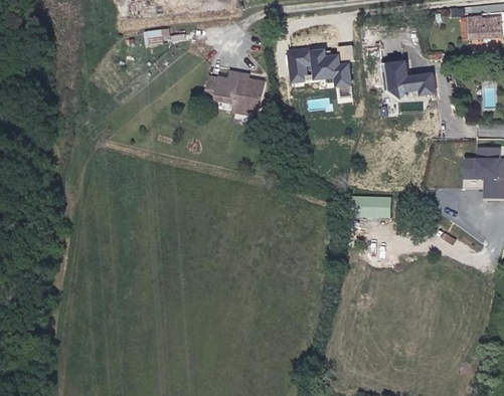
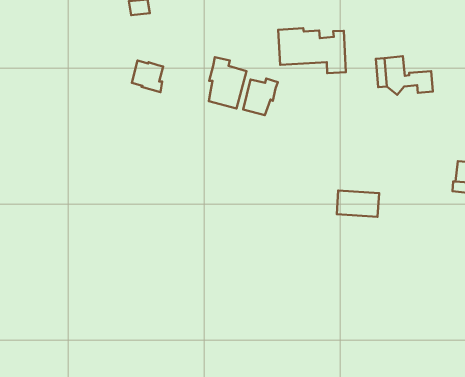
building: [203,80,231,109] -> [132,61,163,92]
building: none -> [243,78,278,115]

